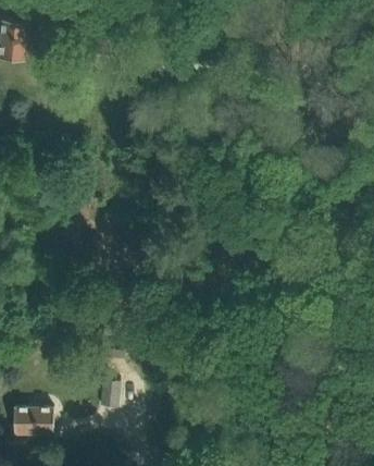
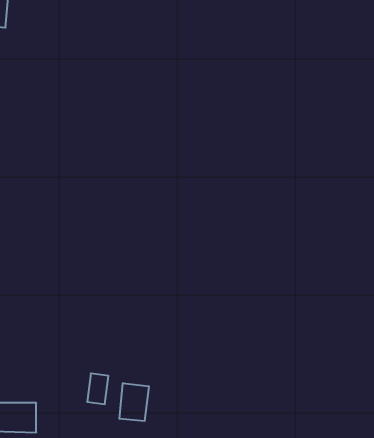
building: none -> [120,383,149,421]

